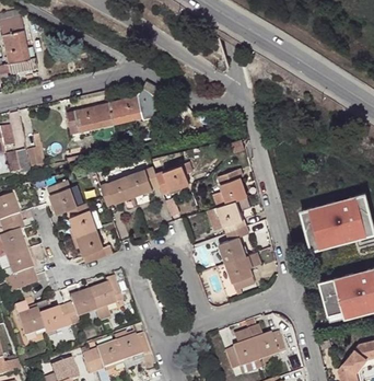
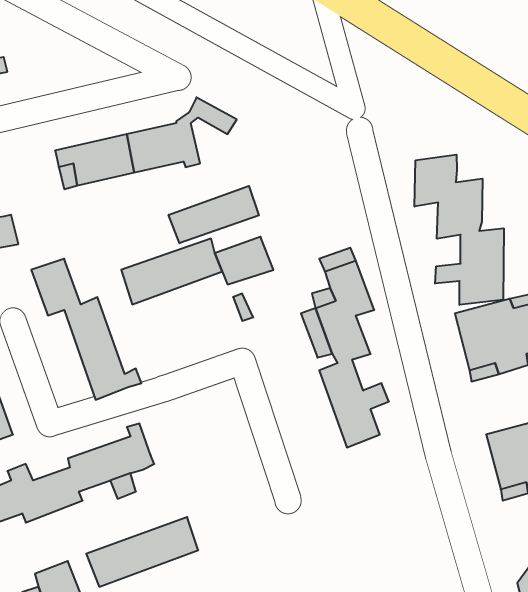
building: none -> [415,155,504,305]
building: none -> [169,186,259,243]
building: [225,322,285,371] -> none

